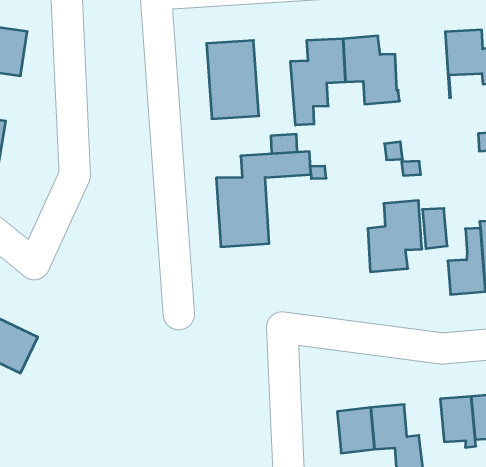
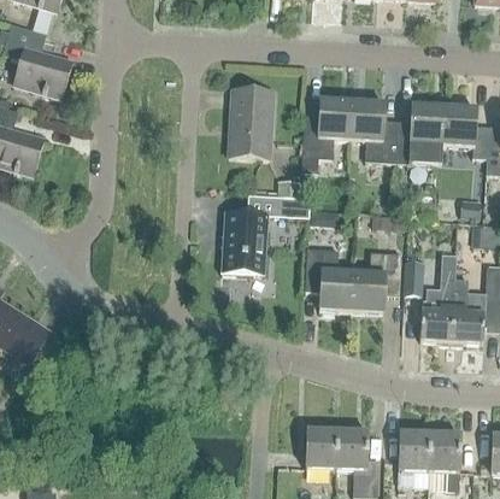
building: none -> [395,102,445,164]
building: none -> [305,247,354,310]

